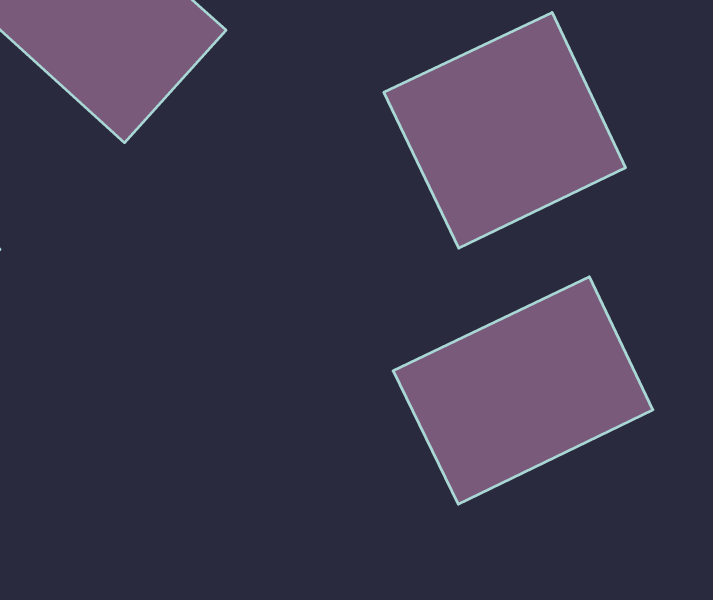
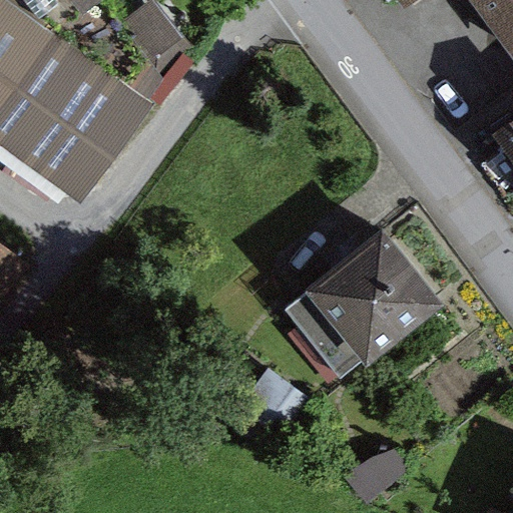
building: [384,12,625,248] -> none

